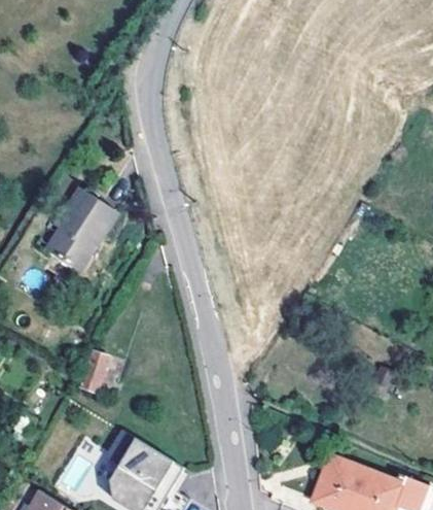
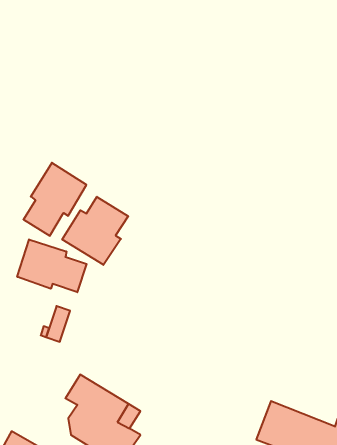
building: none -> [62,197,128,265]
building: none -> [17,239,87,292]

